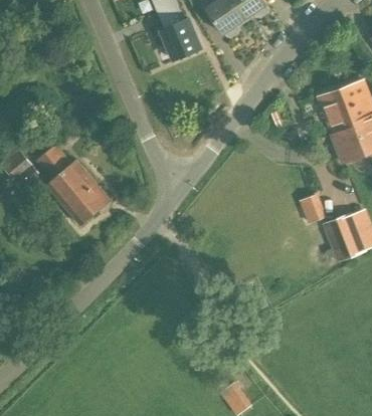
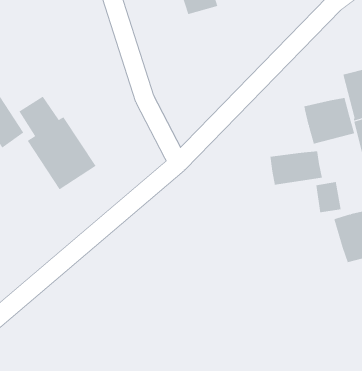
building: none -> [304,97,355,144]
building: none -> [270,150,322,185]

